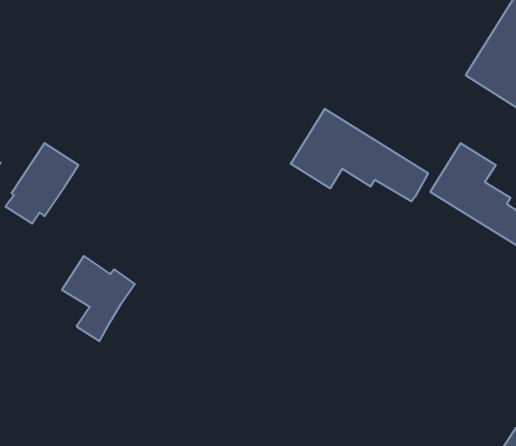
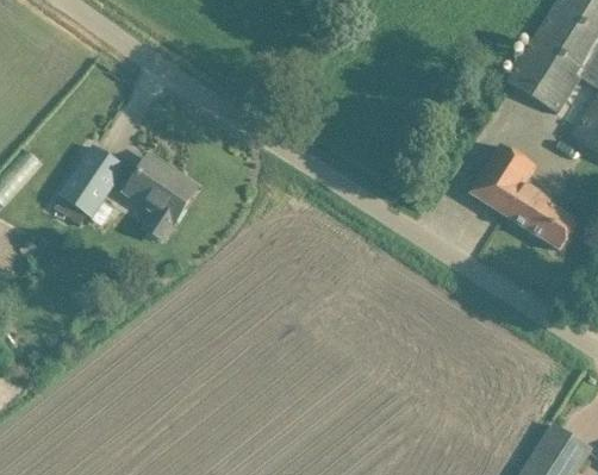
building: [291,109,428,201] -> none
building: [62,256,135,341] -> [126,158,198,242]

